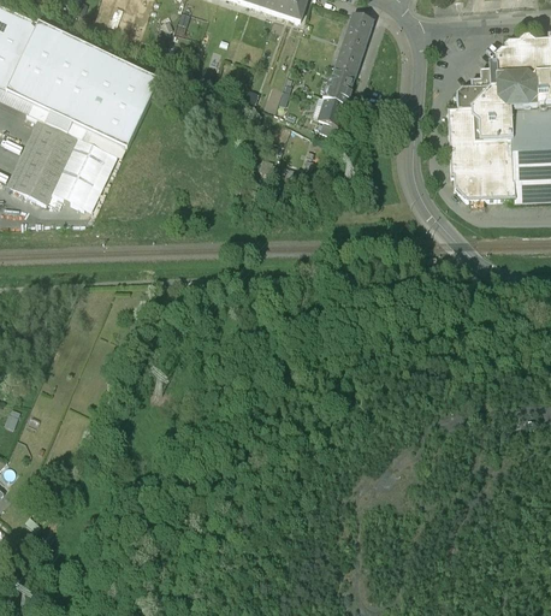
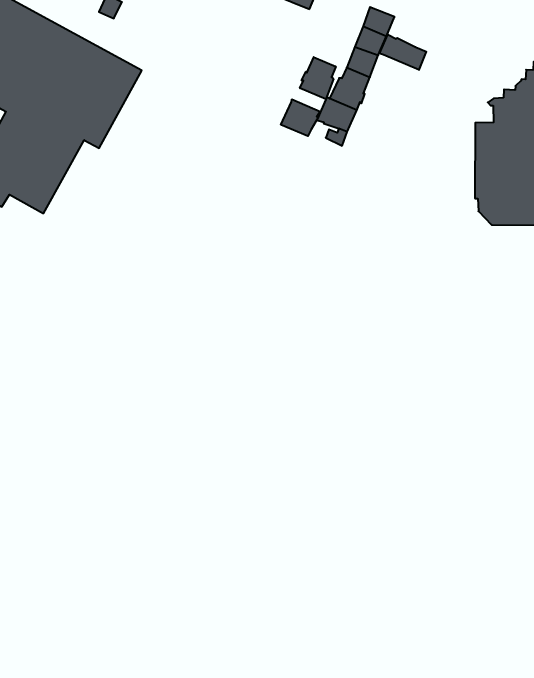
building: none -> [380,34,426,70]
building: none -> [300,57,336,99]
building: none -> [281,99,320,136]

